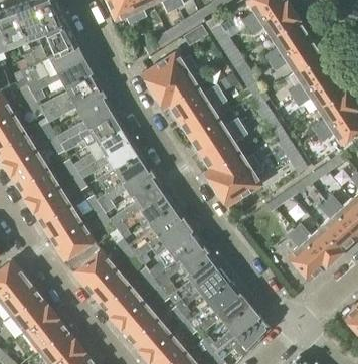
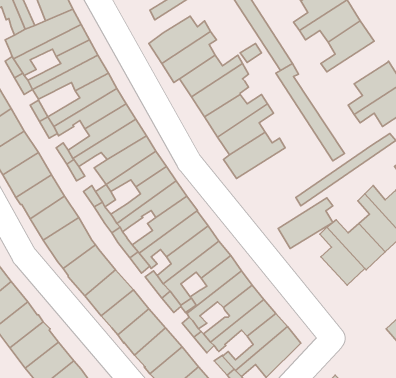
building: [293,72,344,109] -> none
building: [216,163,262,206] -> [278,198,333,249]

